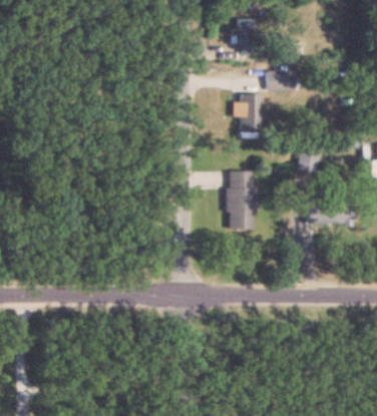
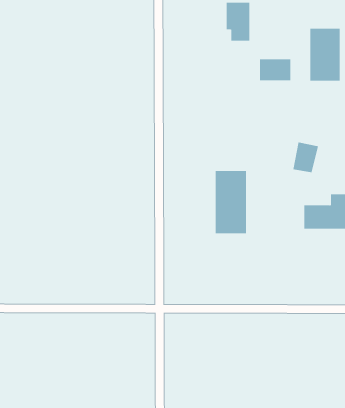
building: none -> [310,28,340,81]
building: [234,94,261,129] -> none

